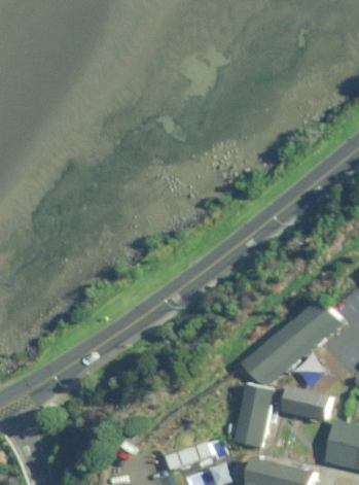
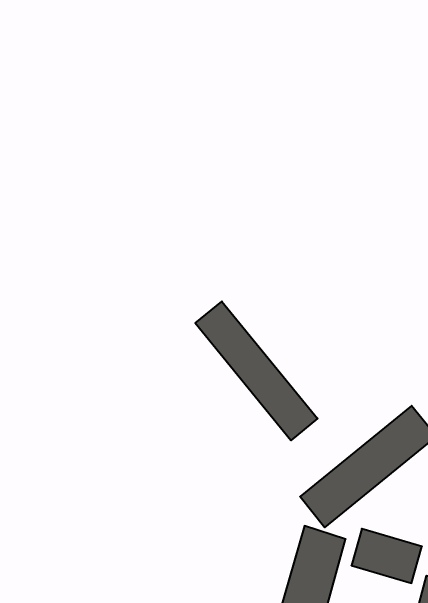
building: none -> [195,301,318,440]

